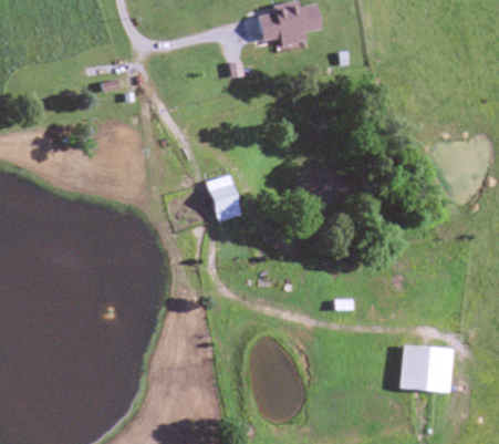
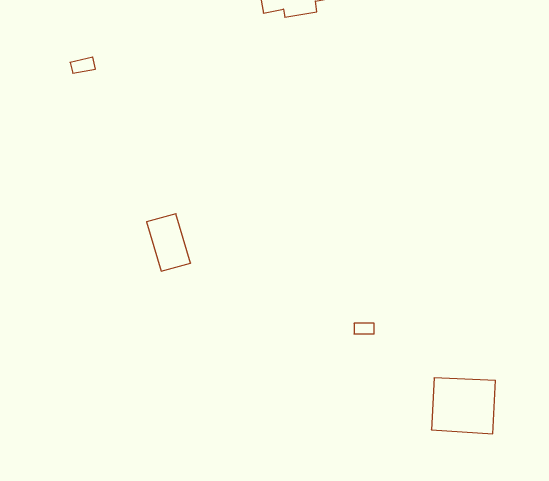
building: [206,175,242,223] -> [147,214,191,271]

